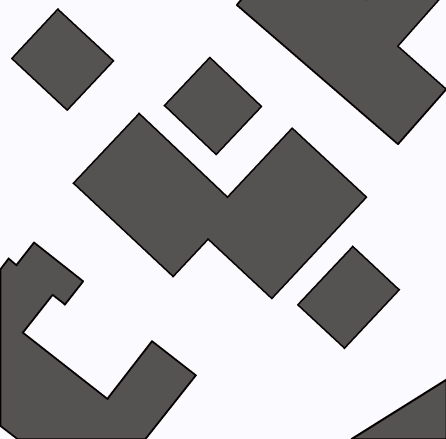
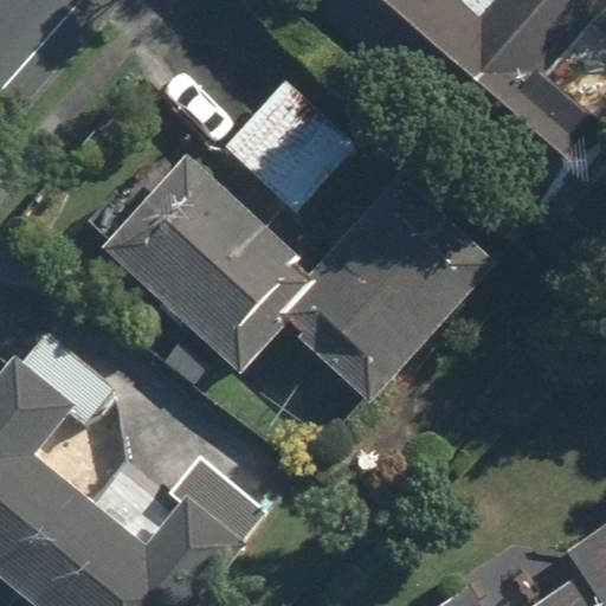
building: [12,9,113,110] -> none
building: [298,246,399,348] -> none

